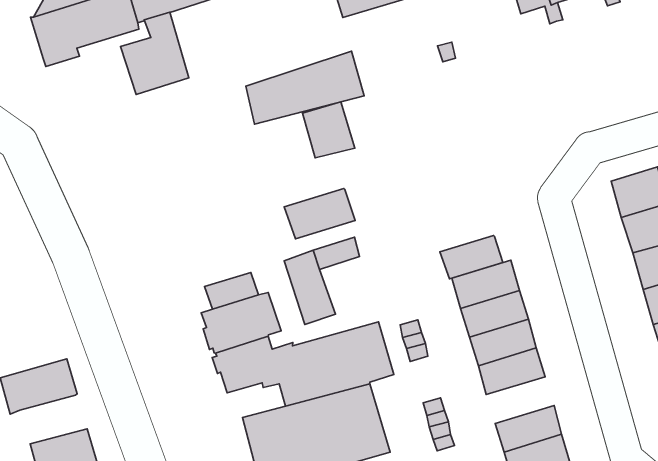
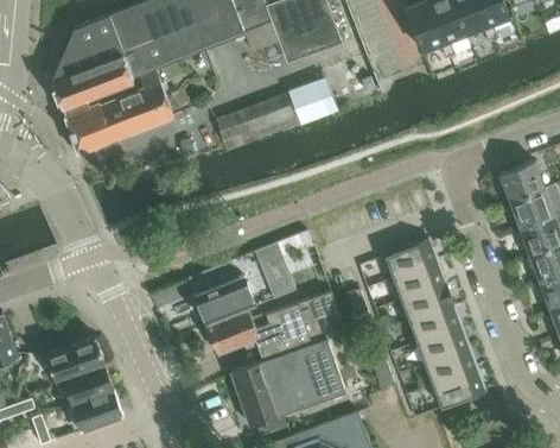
building: none -> [64,97,134,154]
building: [303,102,355,158] -> [295,78,337,122]
building: [284,188,355,239] -> none
building: [440,236,503,279] -> none
building: none -> [415,327,467,365]
building: none -> [62,364,114,404]

